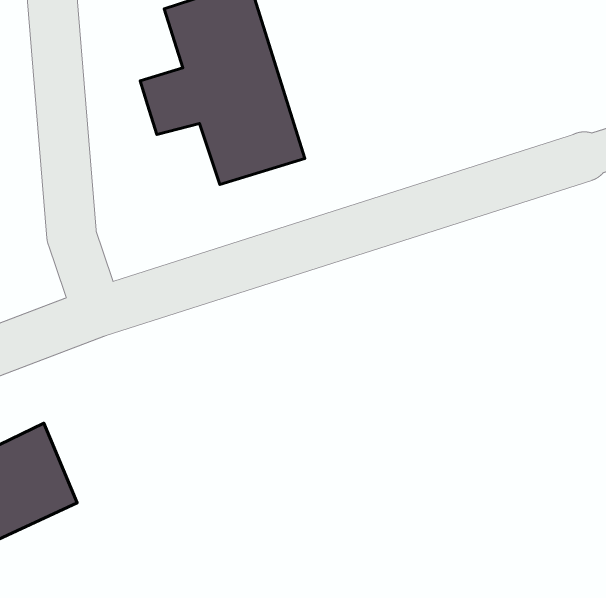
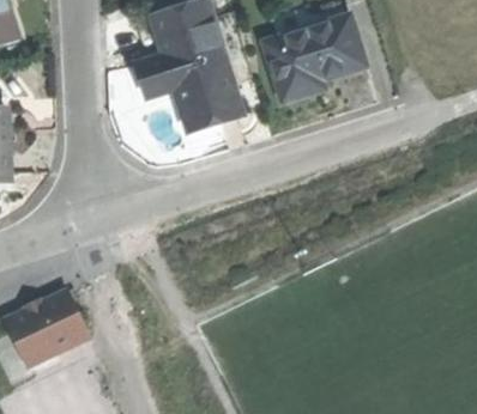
building: none -> [264,17,363,101]

